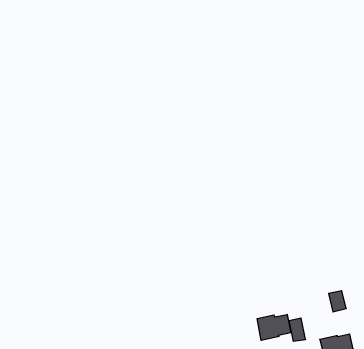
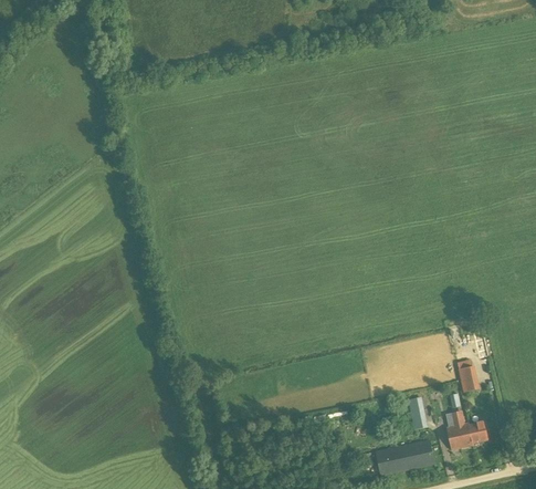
building: [257,314,291,340] -> none

